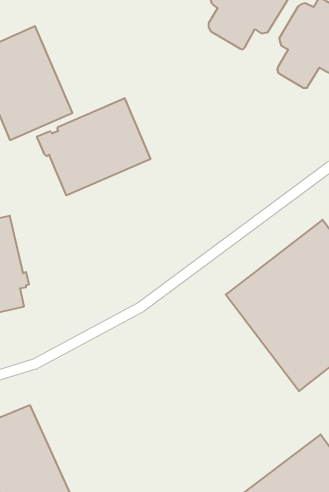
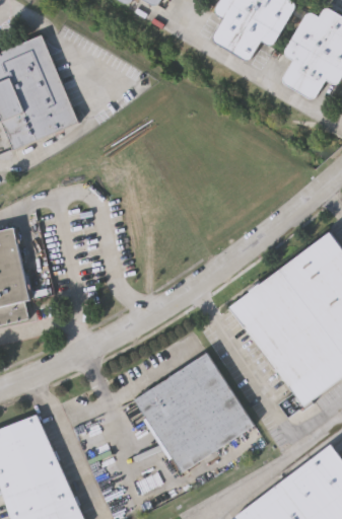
building: [37,98,150,195] -> none
building: none -> [134,354,252,472]

